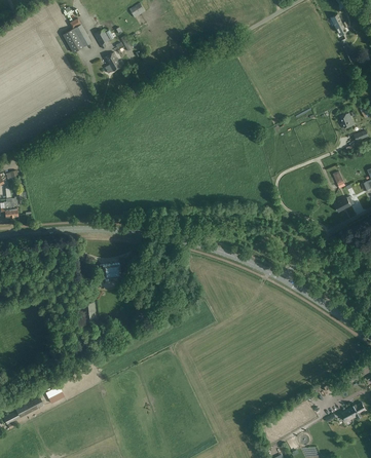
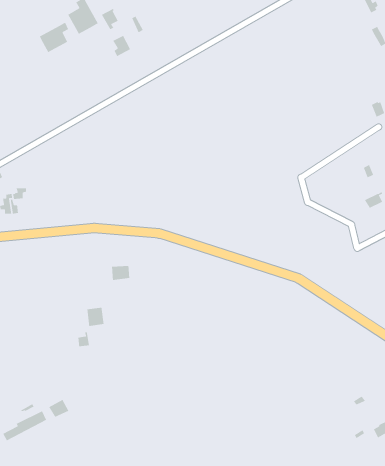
building: none -> [39,21,69,53]

